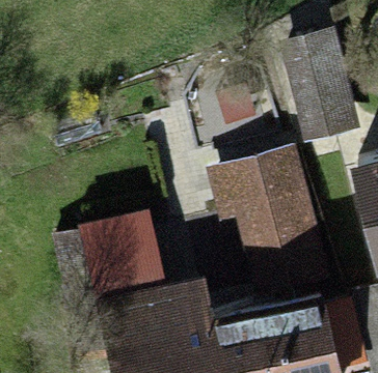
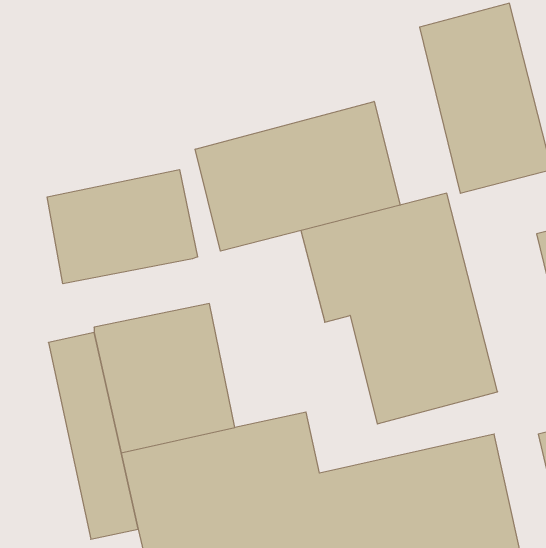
building: none -> [195,101,400,251]
building: none -> [47,170,198,284]

